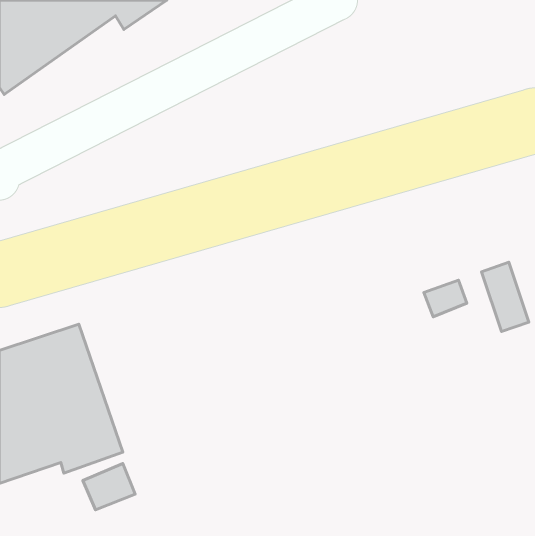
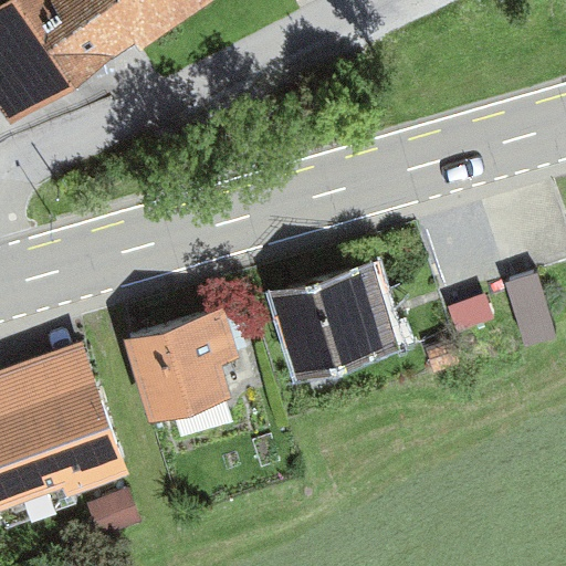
building: none -> [273,271,376,373]
building: none -> [128,316,232,418]

